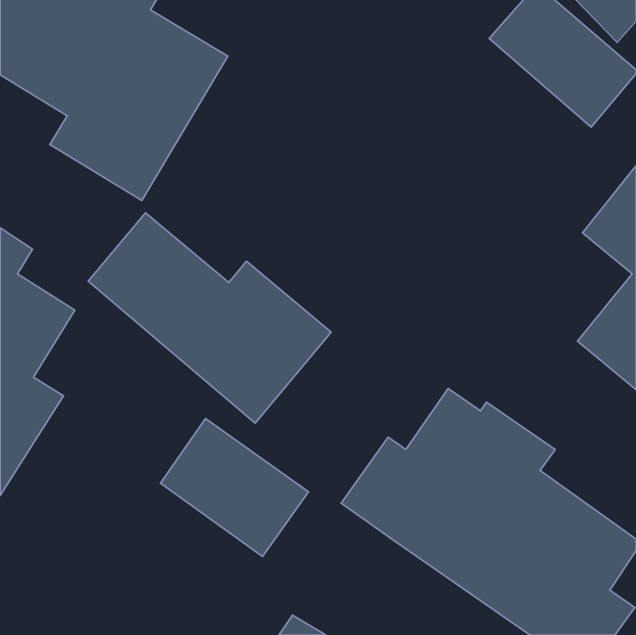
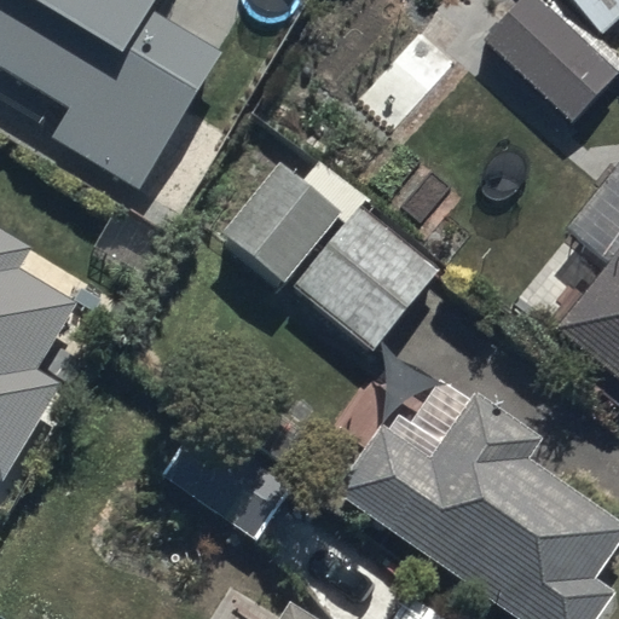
building: [88,213,331,423] -> [208,150,444,354]

